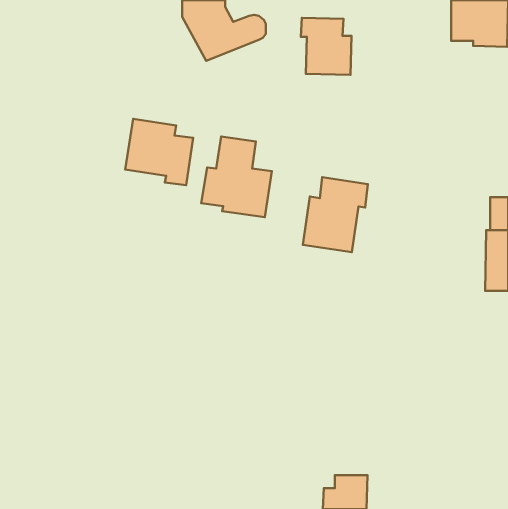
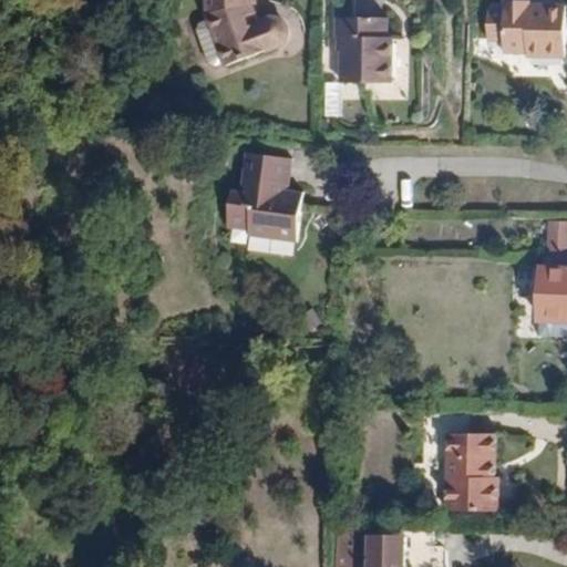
building: [125,119,193,185] -> none
building: [303,177,368,252] -> none
building: none -> [437,413,501,515]

